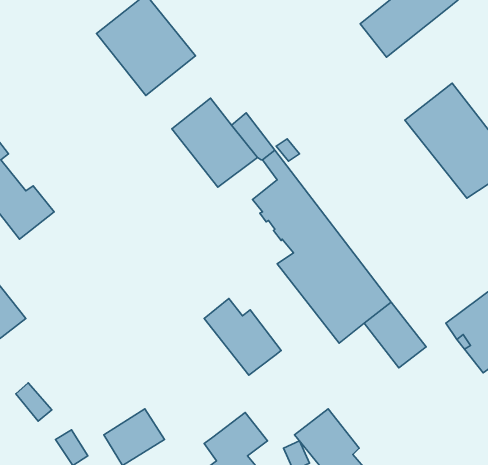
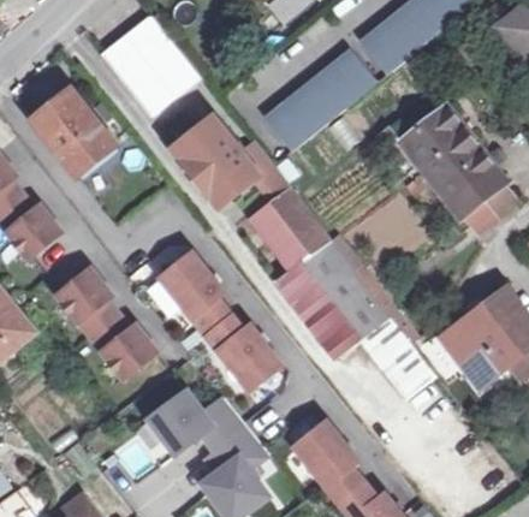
building: none -> [260,53,373,154]
building: none -> [32,89,115,176]
building: none -> [161,251,228,332]
building: none -> [55,267,154,375]
building: none -> [148,390,244,452]

